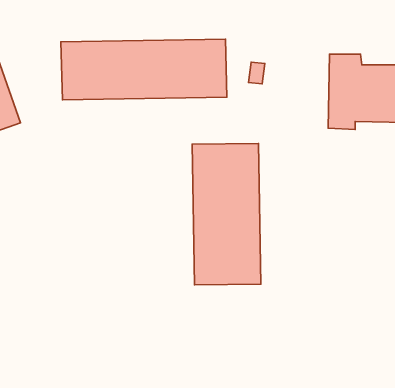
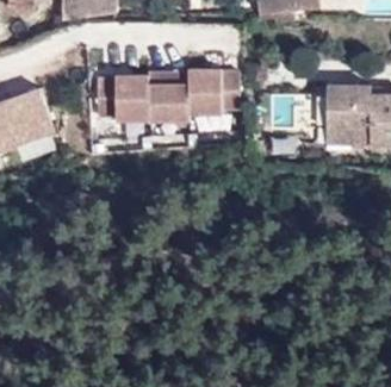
building: [192,143,261,285] -> none

